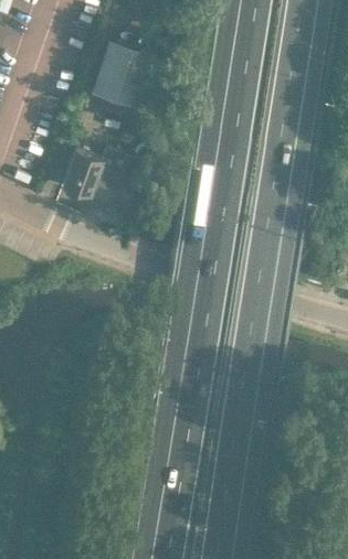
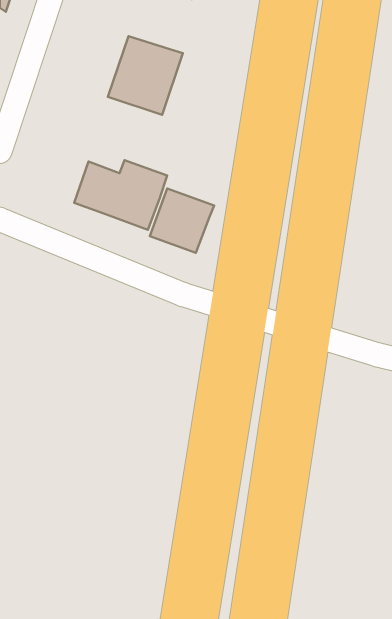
building: none -> [150,189,214,253]

